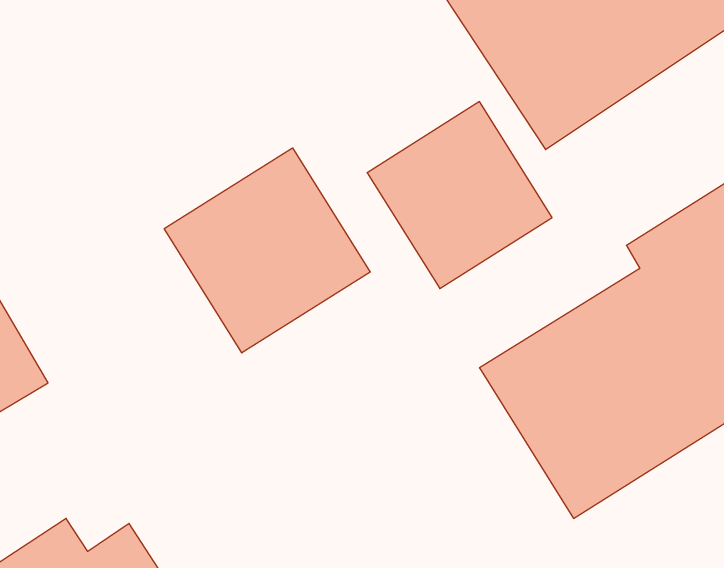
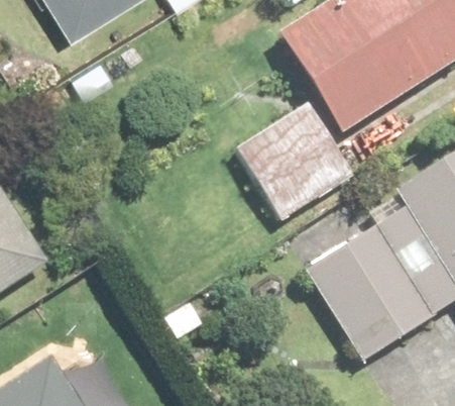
building: [164,148,370,353] -> none

